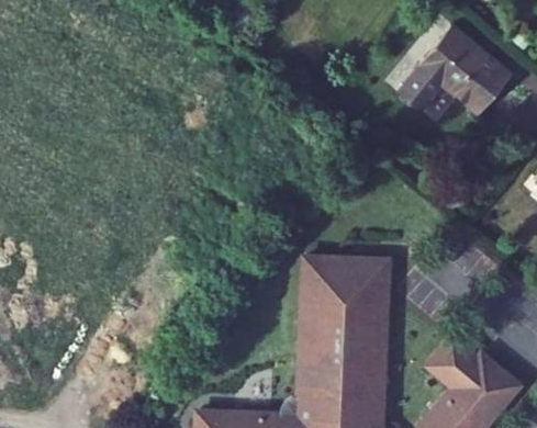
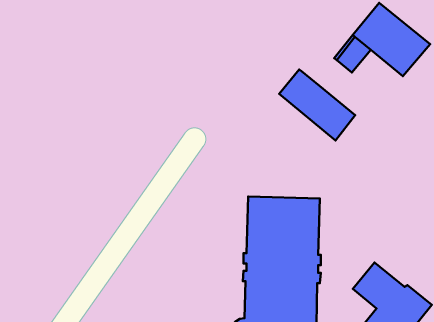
building: none -> [279,69,355,140]

